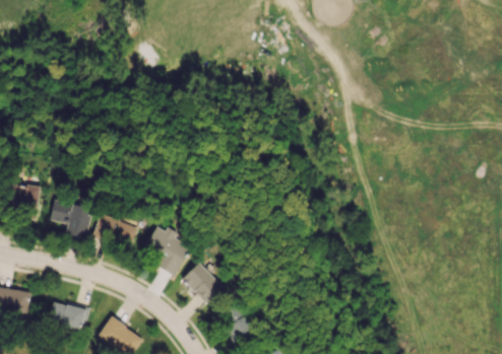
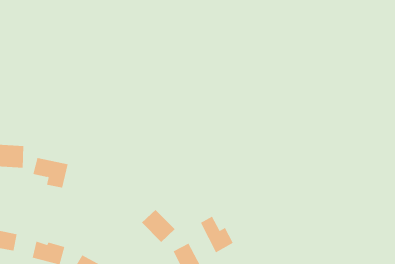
building: [93,214,139,249] -> none
building: [140,225,191,273] -> none
building: none -> [200,216,233,253]

